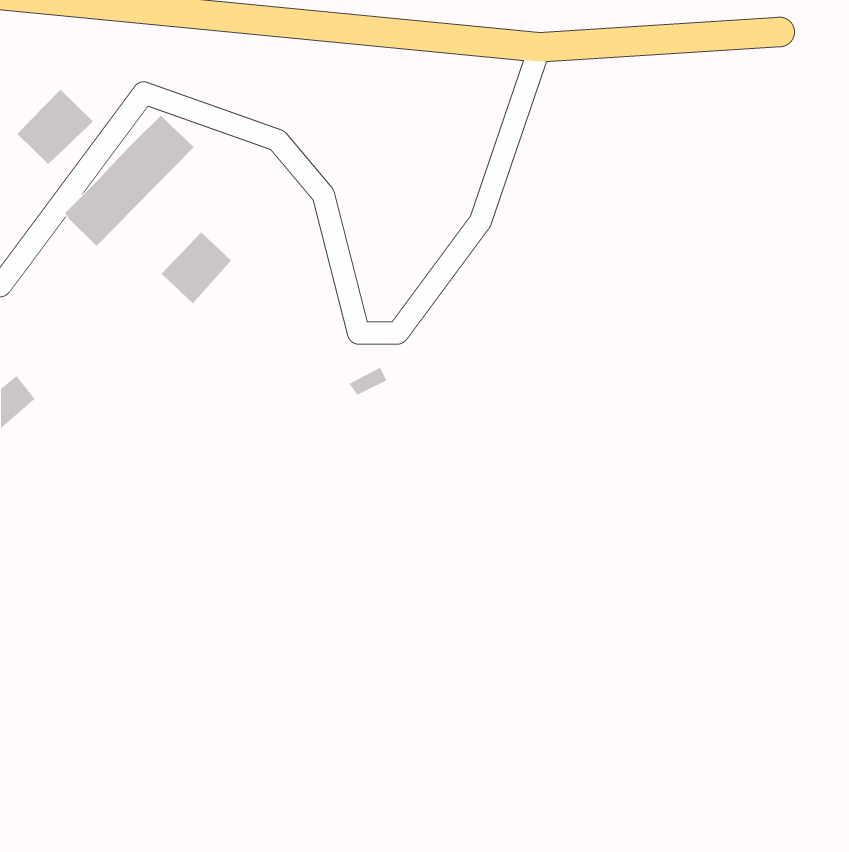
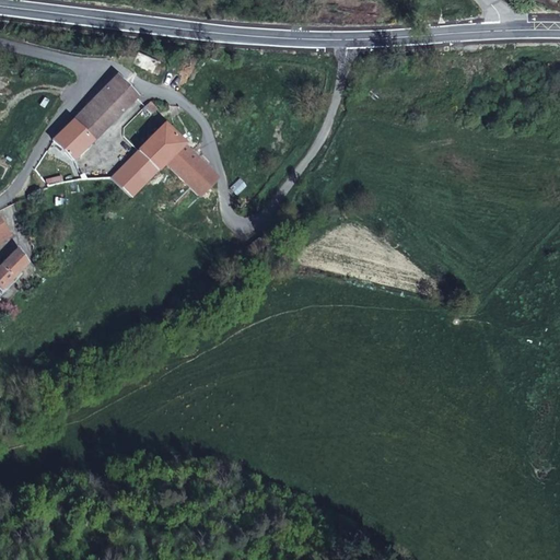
building: [17,89,94,165] -> none
building: none -> [140,122,221,197]

